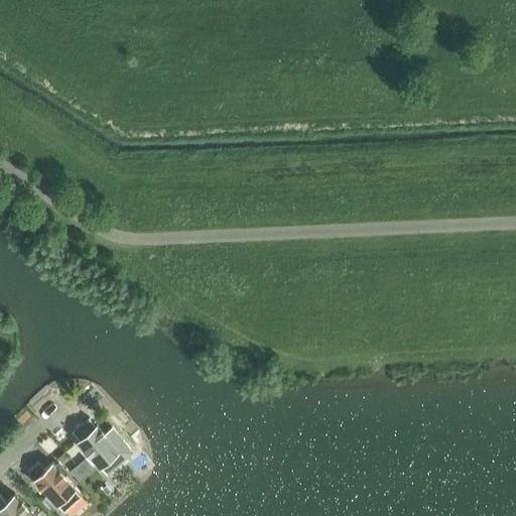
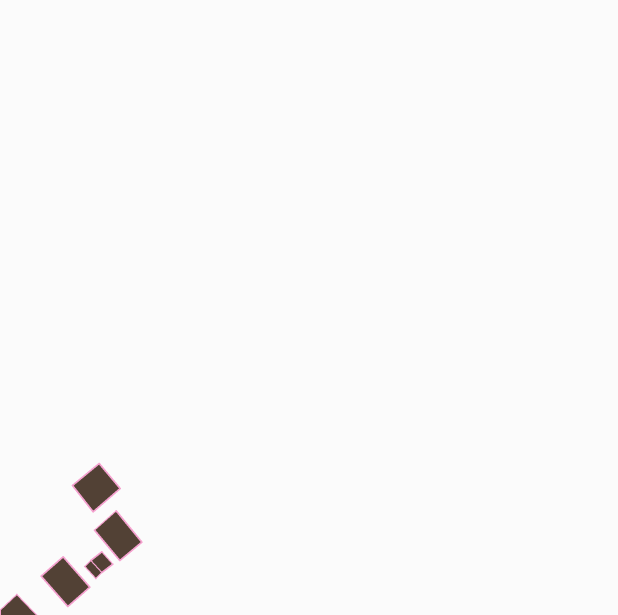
building: none -> [72,463,120,512]

